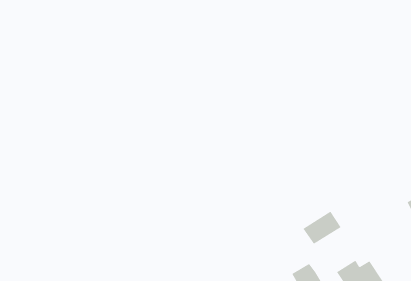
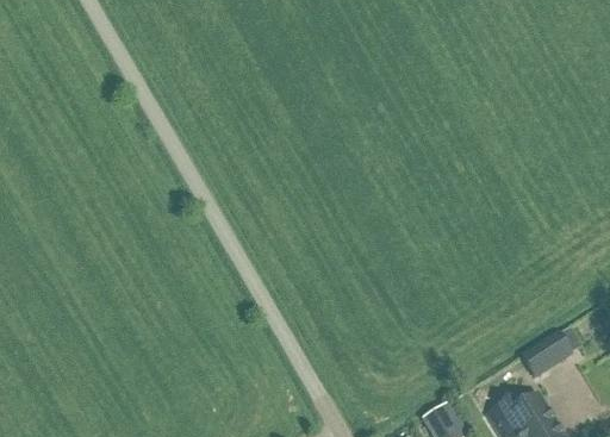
building: [303,211,341,245] -> [519,326,575,375]

